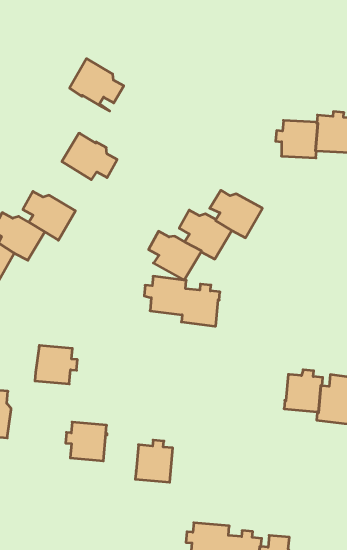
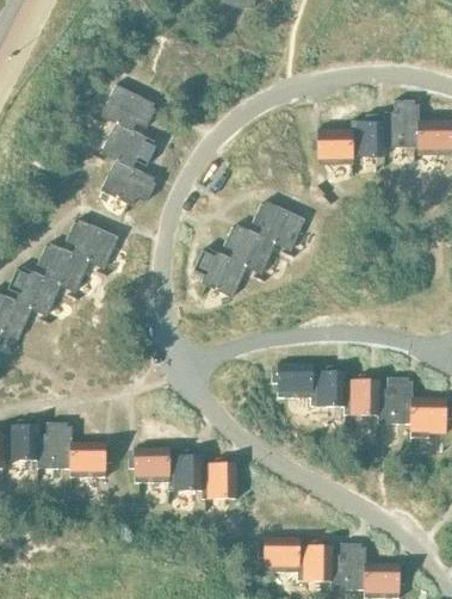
building: none -> [101,121,156,167]
building: [144,276,220,326] -> [272,363,347,407]
building: [35,345,77,384] -> [72,441,112,477]
building: none -> [168,450,204,490]

